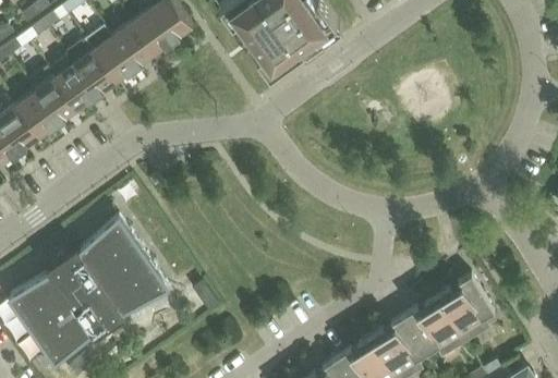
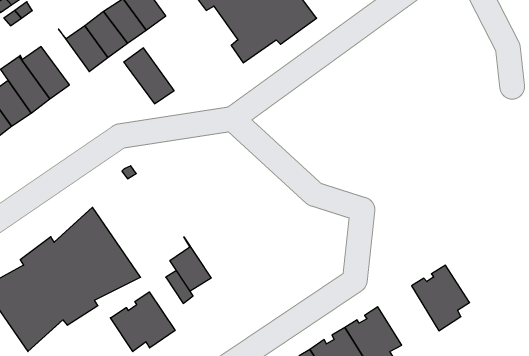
building: [65,40,116,96] -> [124,48,174,104]
building: none -> [170,237,211,291]
building: [403,296,464,355] -> none
building: none -> [110,292,175,352]

